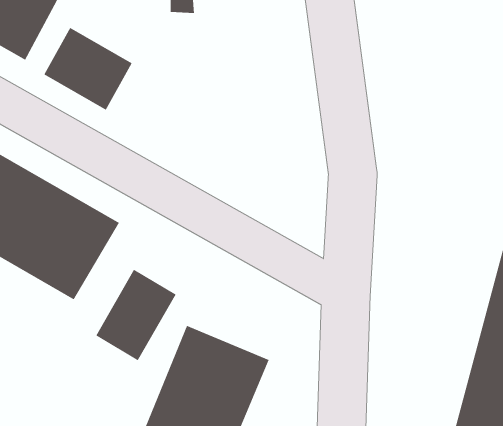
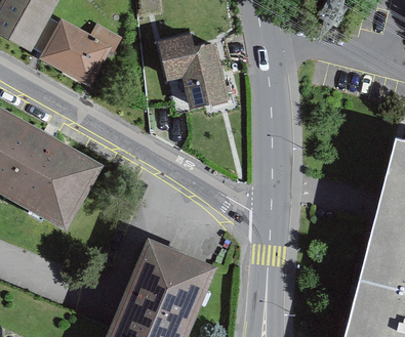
building: none -> [162,37,229,110]
building: [95,269,176,361] -> none

